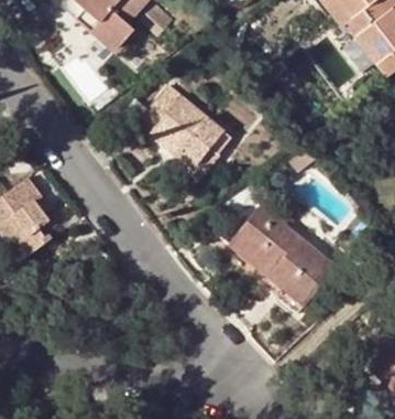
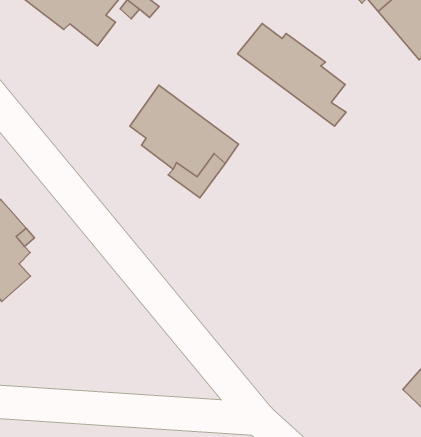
building: none -> [237,24,346,126]
building: [229,206,336,313] -> none

